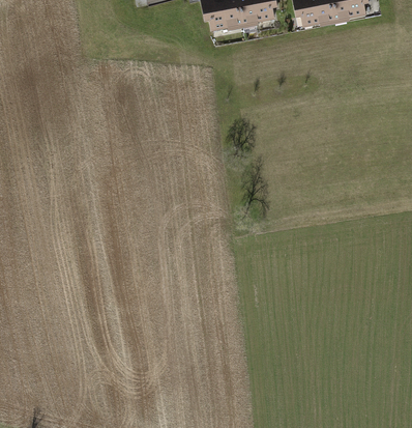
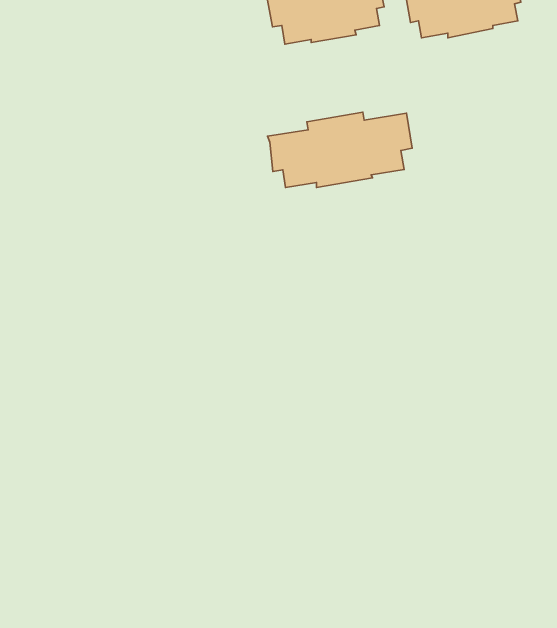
building: none -> [267,112,412,188]

